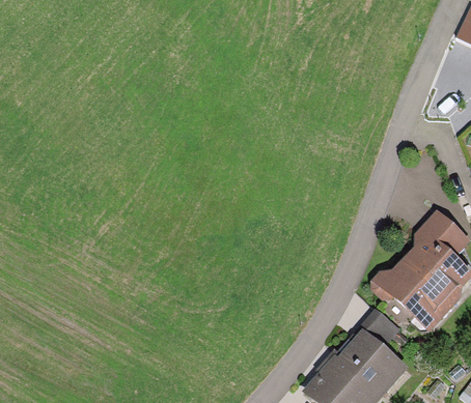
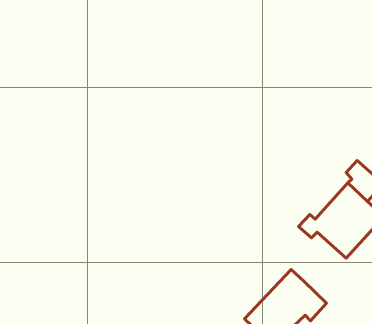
building: [355,306,397,348] -> none

